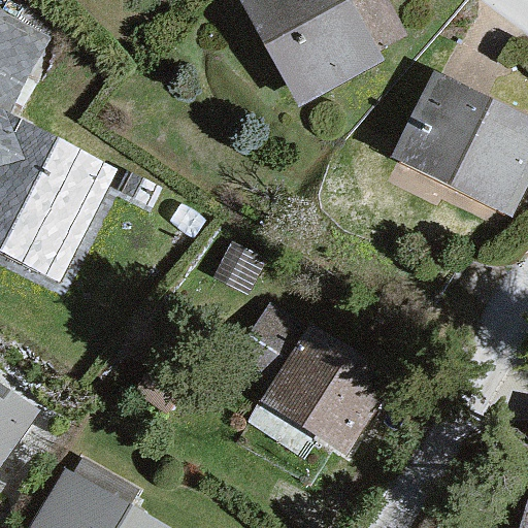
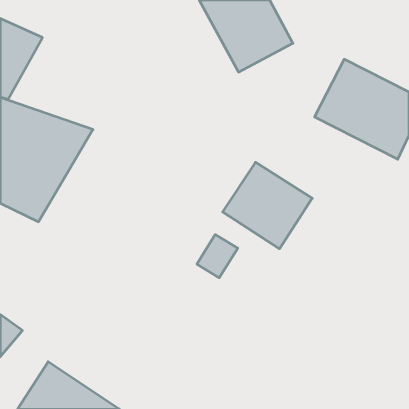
building: [274,332,390,443] -> [223,162,312,249]

